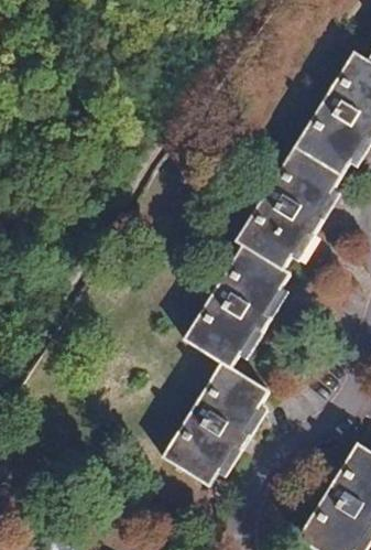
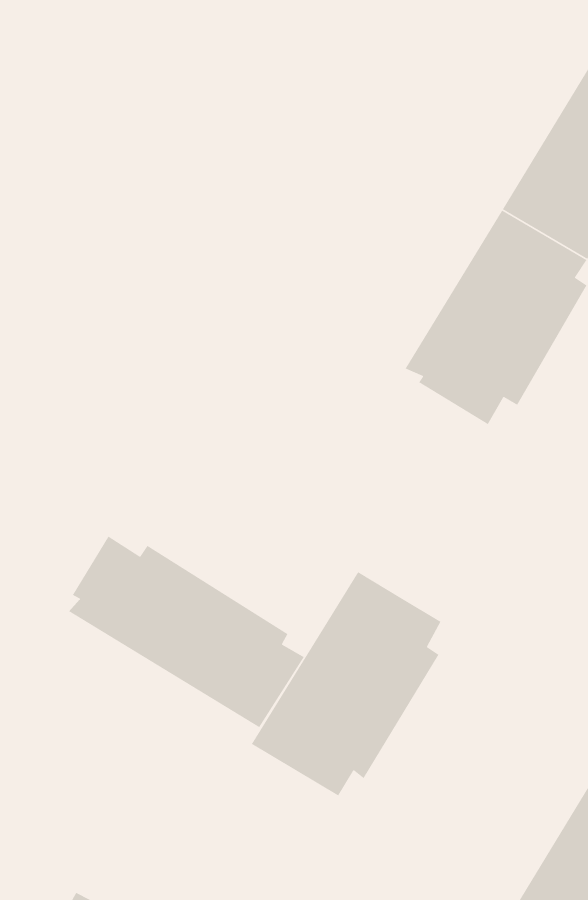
building: [192,245,295,367] -> none
building: none -> [68,536,305,728]

